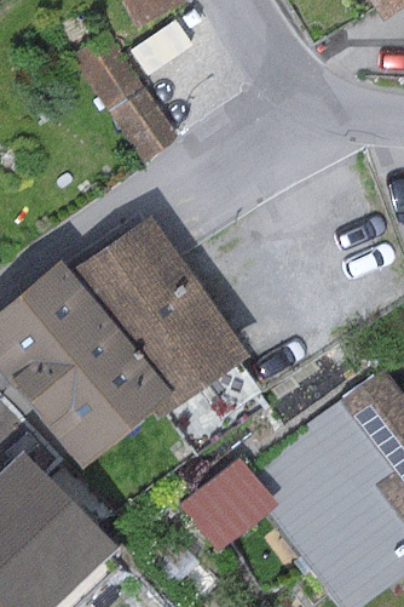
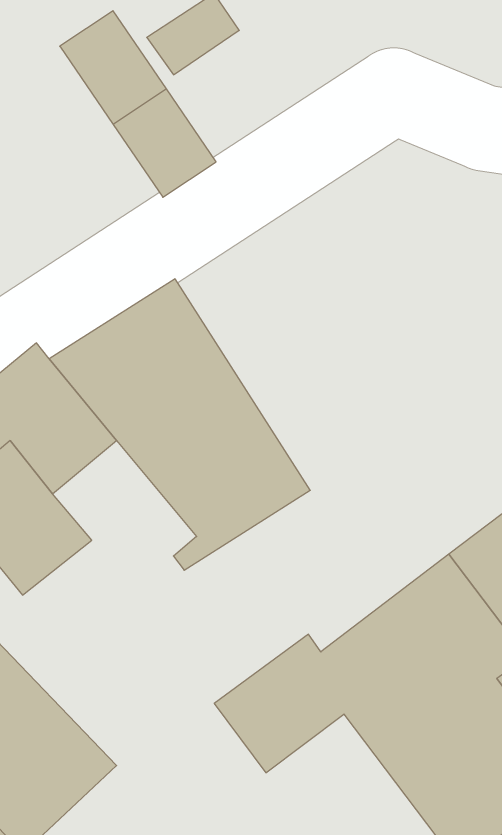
building: [50,326,168,465] -> none

